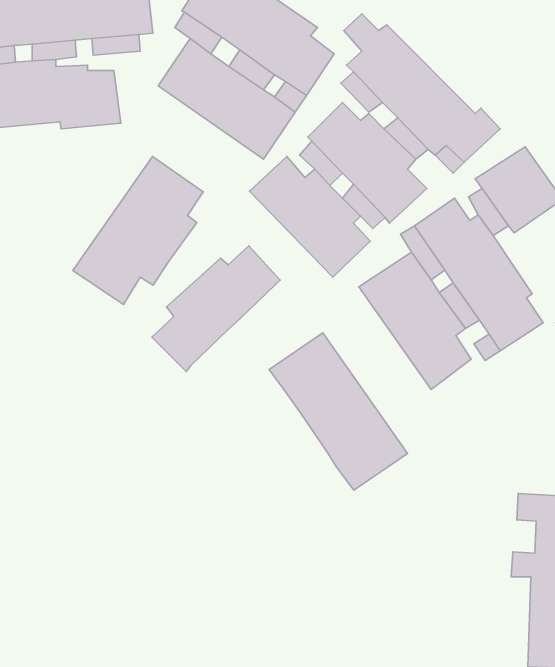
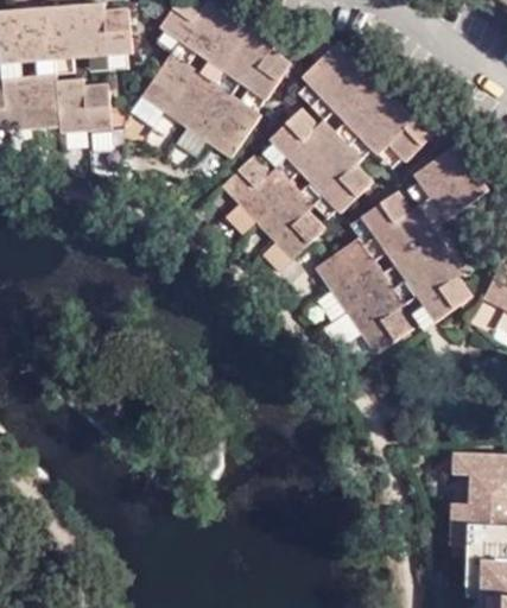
building: [73,157,203,304] -> none
building: [152,246,280,371] -> none
building: [269,333,407,490] -> none

